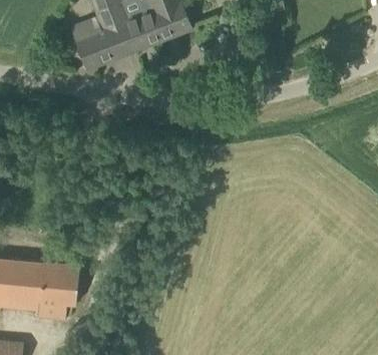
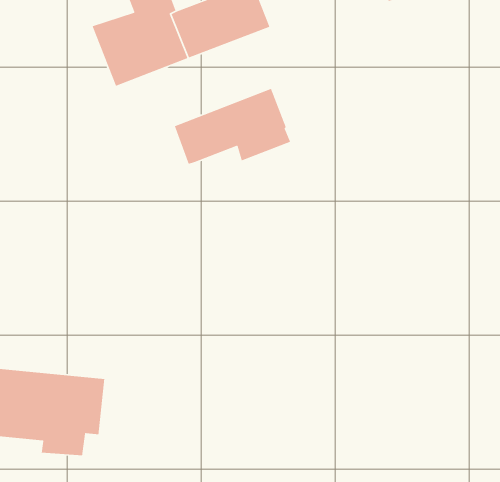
building: none -> [174,88,291,165]

